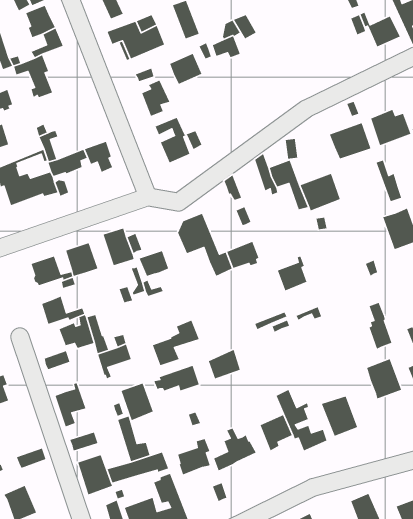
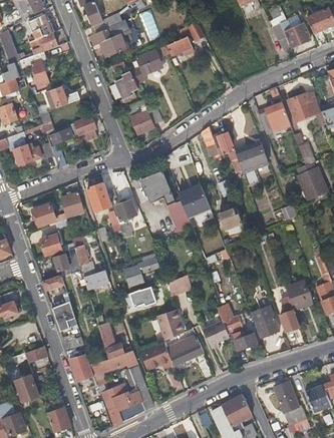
building: none -> [47,86,79,109]
building: [368,302,392,350] -> [281,297,299,333]
building: [120,383,154,421] -> [159,310,185,339]

